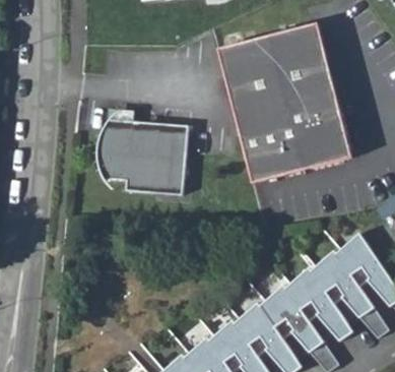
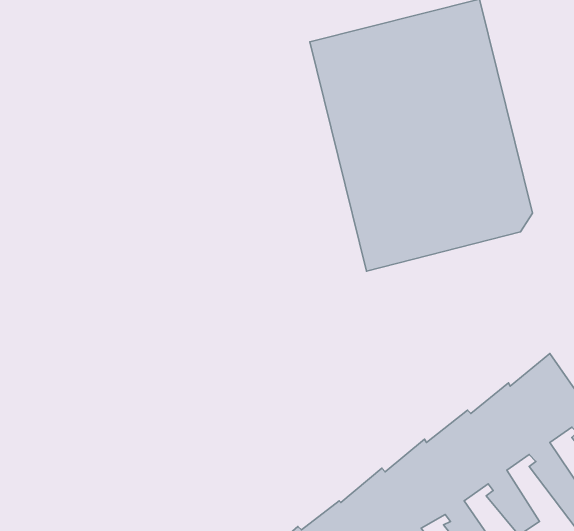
building: [98,114,190,192] -> none

